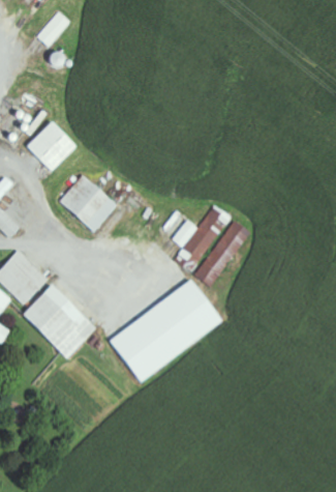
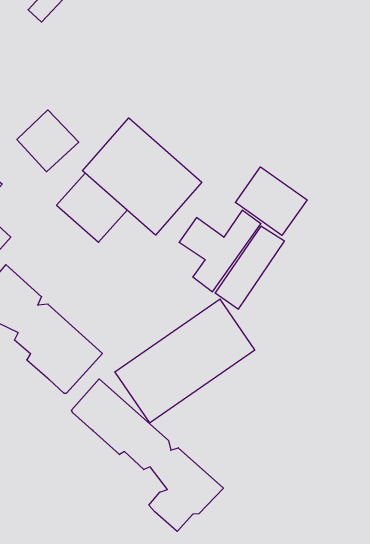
building: none -> [82,118,202,235]
building: none -> [235,167,307,235]
building: none -> [72,379,223,531]

